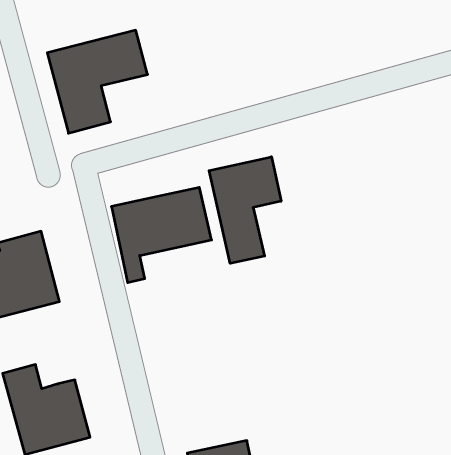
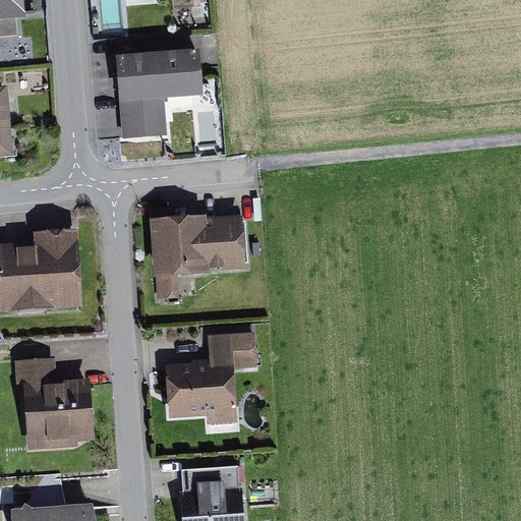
building: [209,157,281,263] -> none
building: none -> [165,335,251,413]

